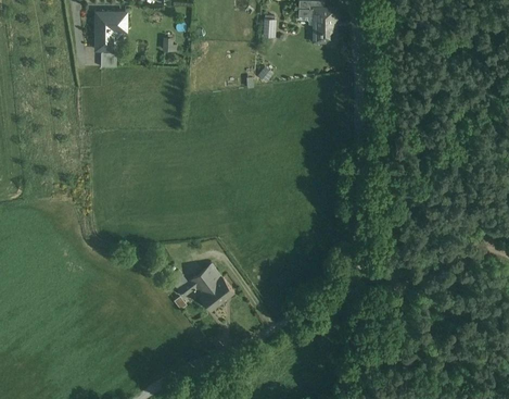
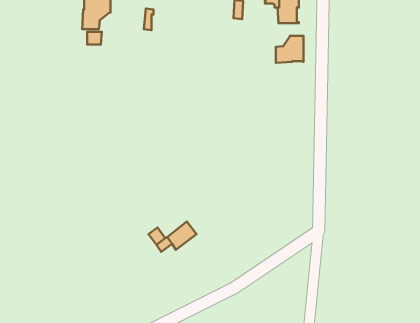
building: none -> [276,36,304,63]
building: [198,277,232,310] -> none

